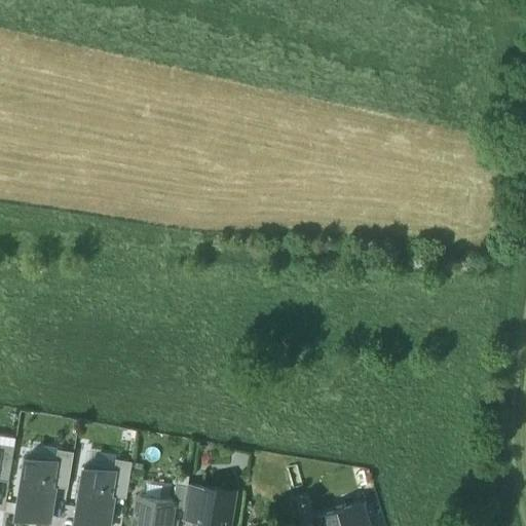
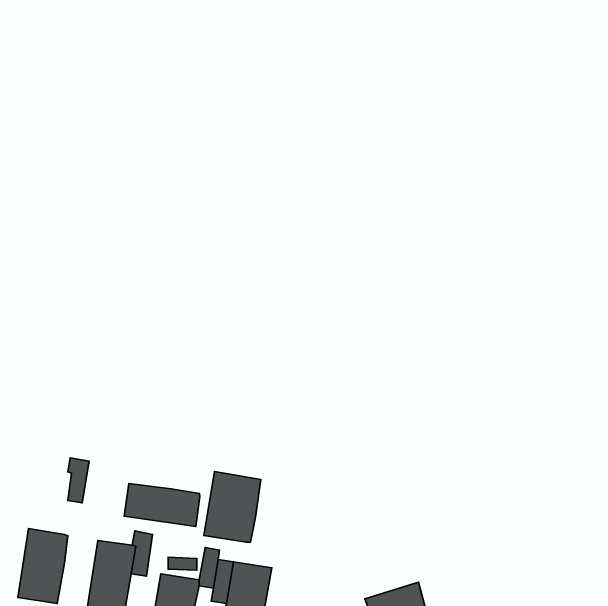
building: none -> [204,472,261,542]
building: none -> [124,483,200,527]
building: [55,451,74,490] -> [68,458,89,503]

